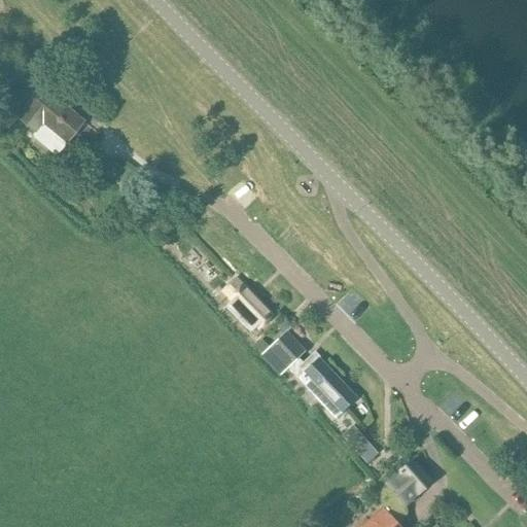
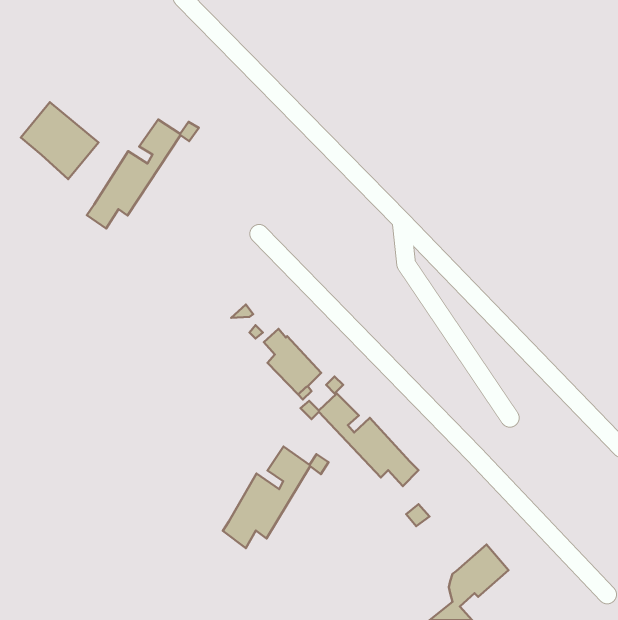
building: none -> [87,119,199,229]
building: none -> [223,446,329,548]

